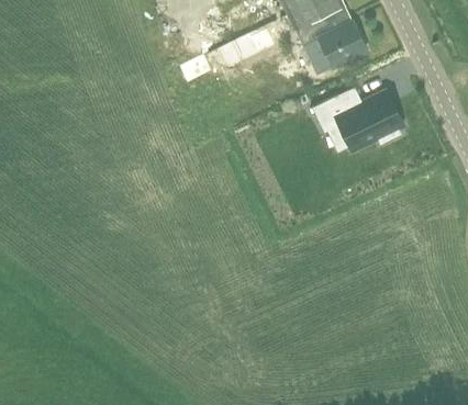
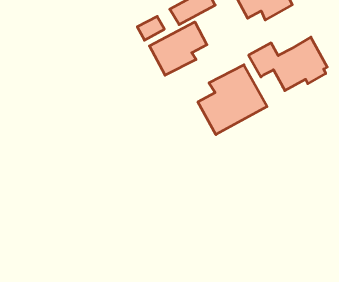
building: none -> [149,22,207,75]
building: none -> [198,65,267,135]

